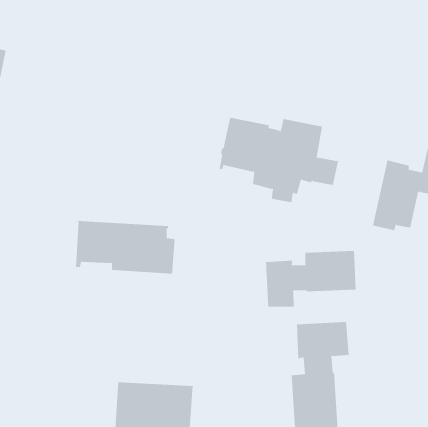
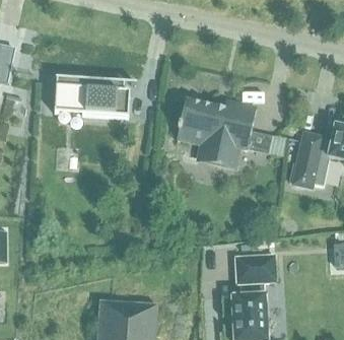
building: [75,221,175,274] -> [54,77,130,118]
building: [265,250,356,308] -> none

